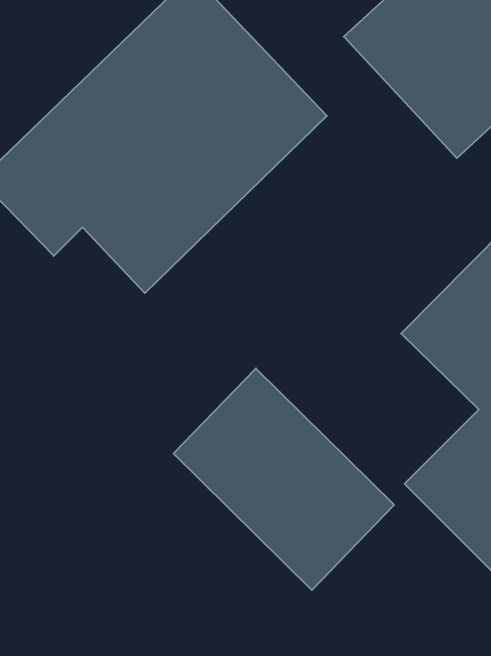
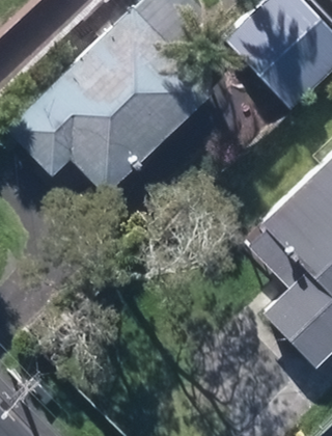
building: [174,368,394,590] -> none

